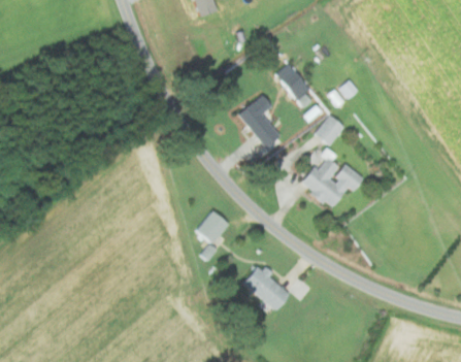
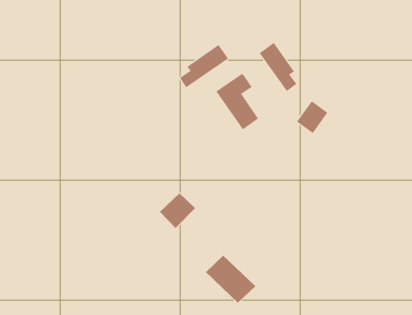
building: none -> [179,44,229,88]
building: [299,150,364,208] -> none

